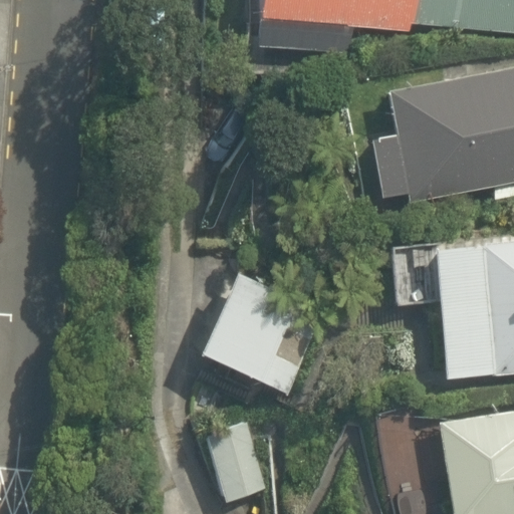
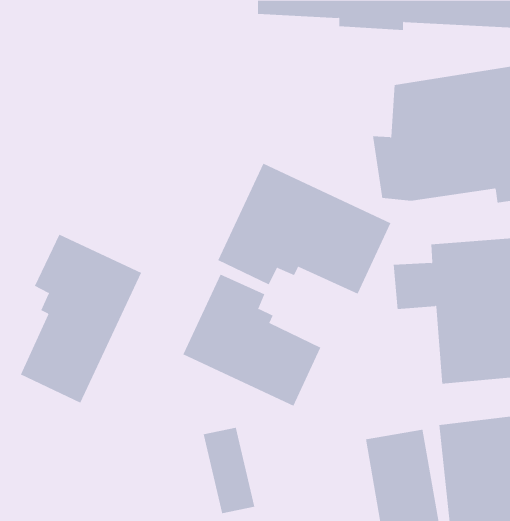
building: none -> [218,163,391,294]
building: none -> [20,234,142,403]

